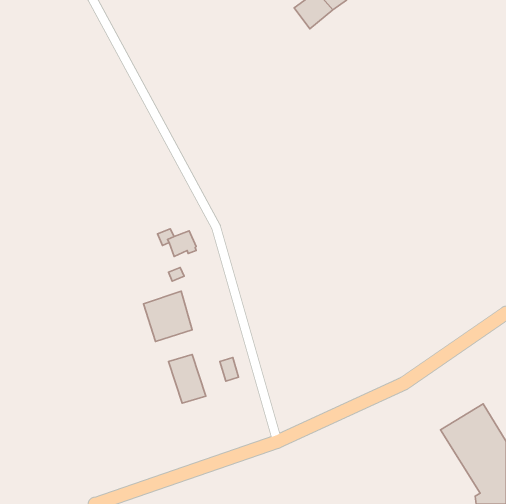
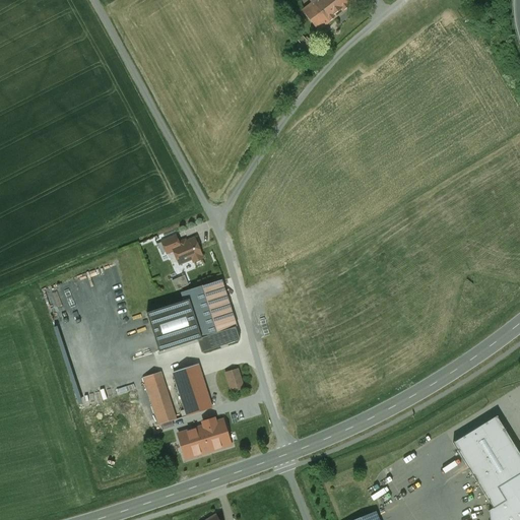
building: none -> [183,280,240,351]
building: none -> [143,371,175,422]
building: none -> [178,415,248,456]

